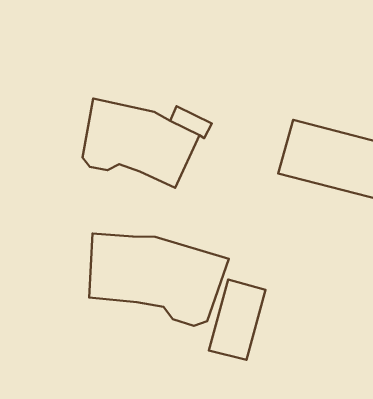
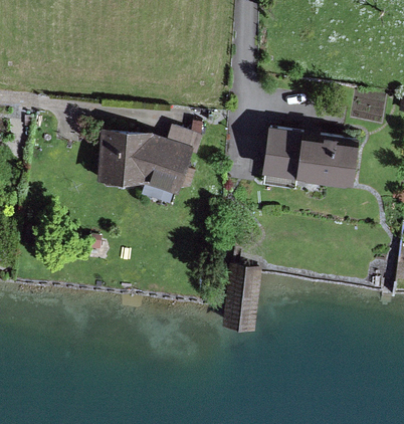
building: [89,234,229,326] -> none

